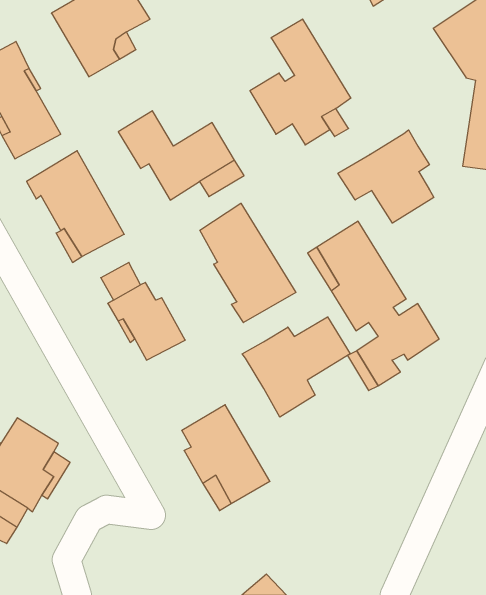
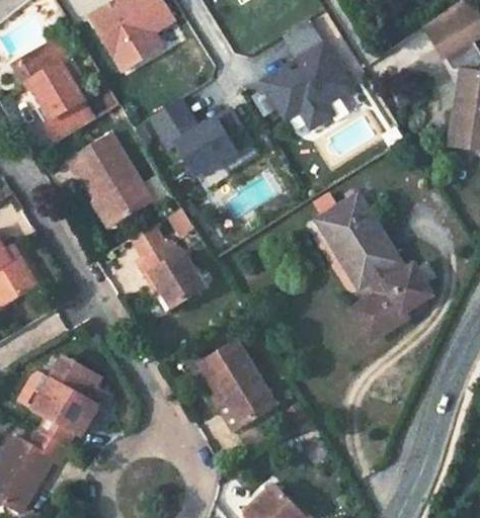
building: [338,130,434,223] -> none
building: [200,203,296,323] -> none
building: [242,317,350,417] -> none

